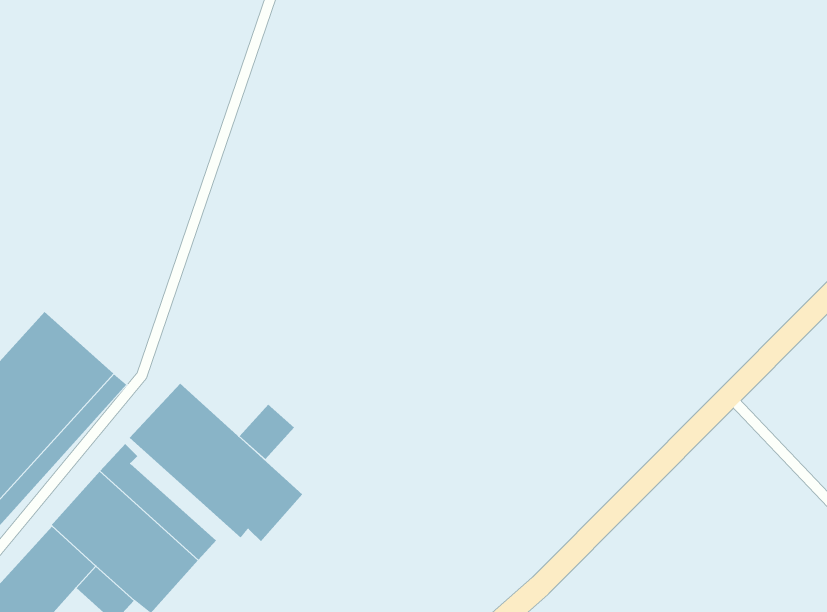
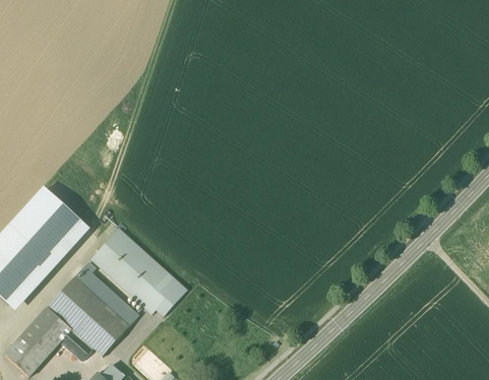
building: [239,404,295,460] -> none

